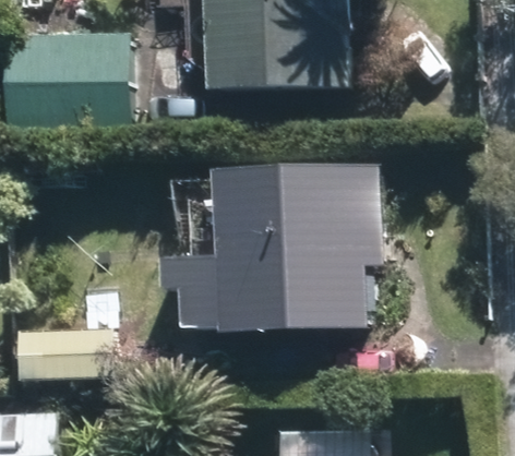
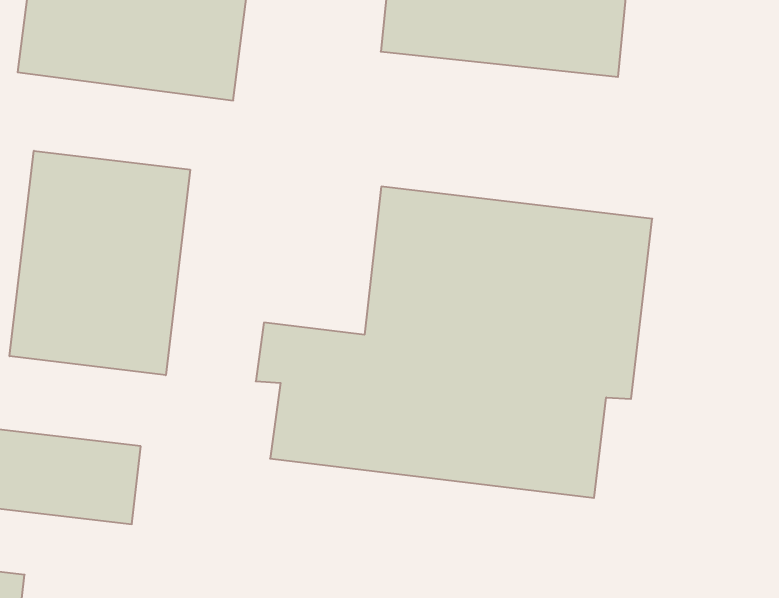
building: none -> [10,151,190,375]

